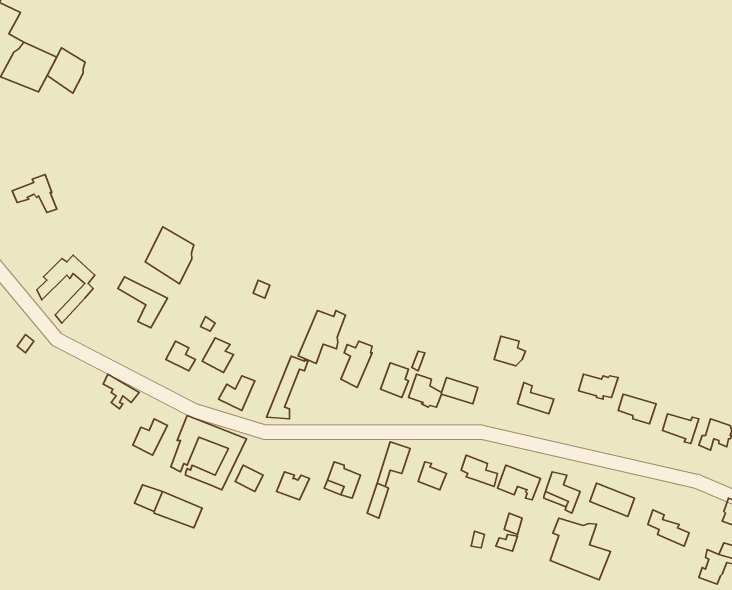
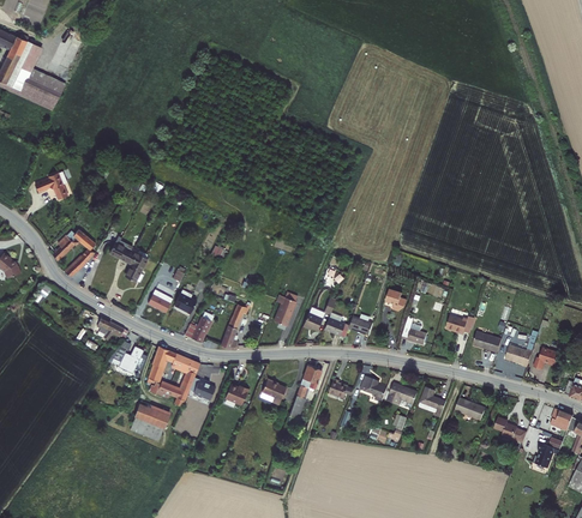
building: [47,48,85,93] -> none
building: [145,227,194,284] -> none
building: [298,311,345,363] -> none
building: [550,518,610,580] -> none

